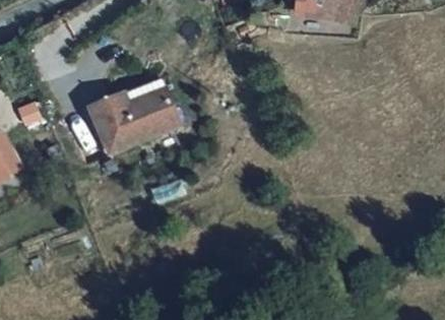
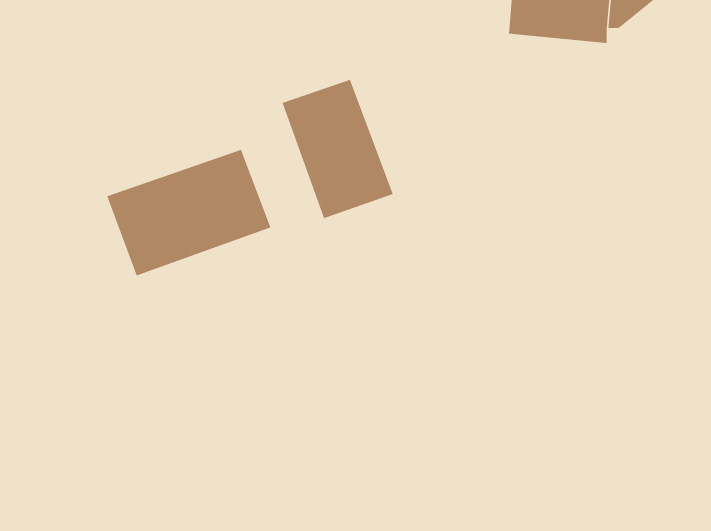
building: none -> [281,79,394,219]

